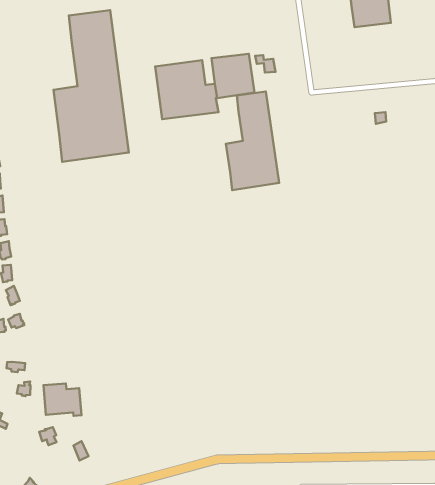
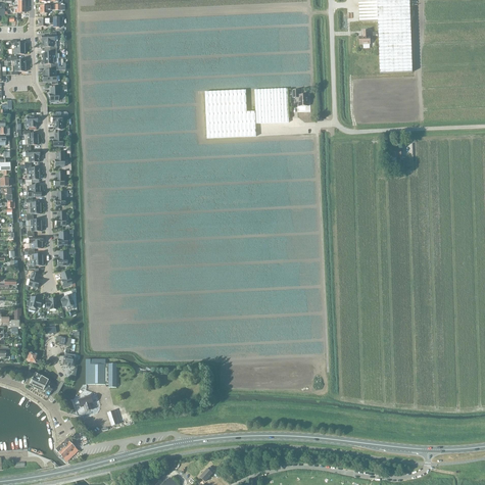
building: [54,10,129,162] -> none
building: [226,91,279,190] -> none

